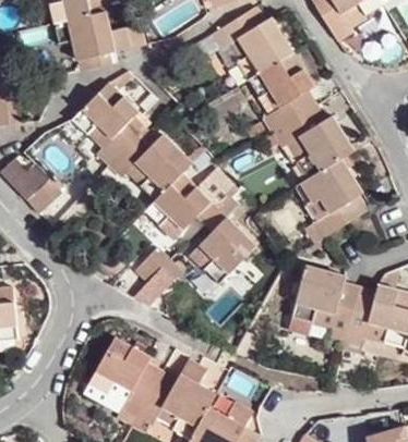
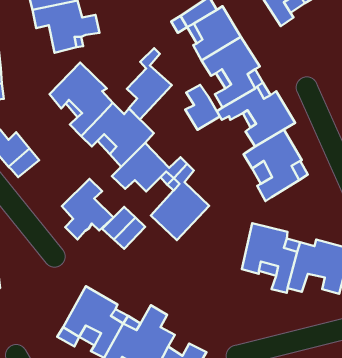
building: none -> [127,48,172,119]
building: none -> [185,85,220,130]
building: none -> [62,179,113,240]

